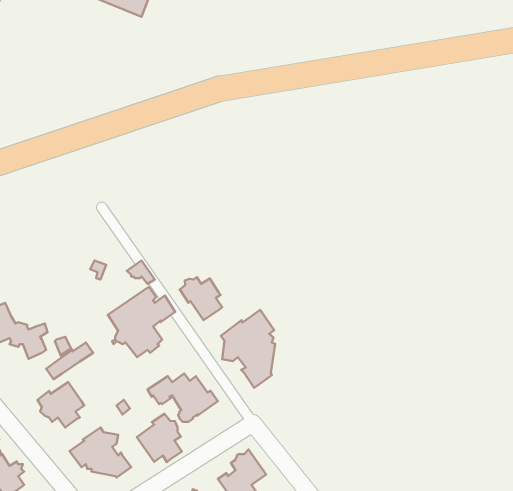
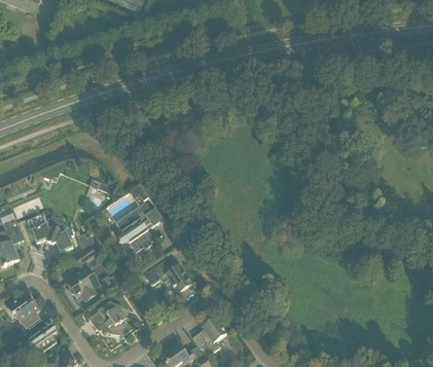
building: [180,277,222,320] -> none
building: [221,310,275,388] -> none
building: [137,414,182,462] -> none

